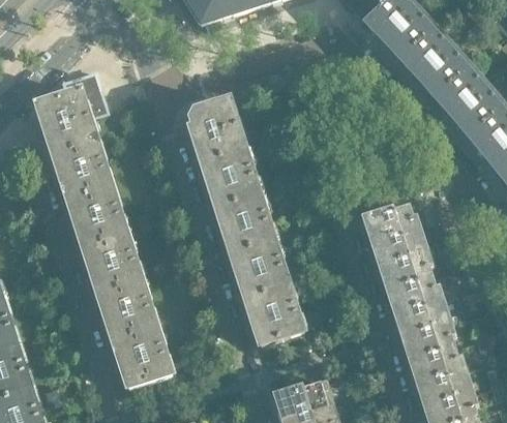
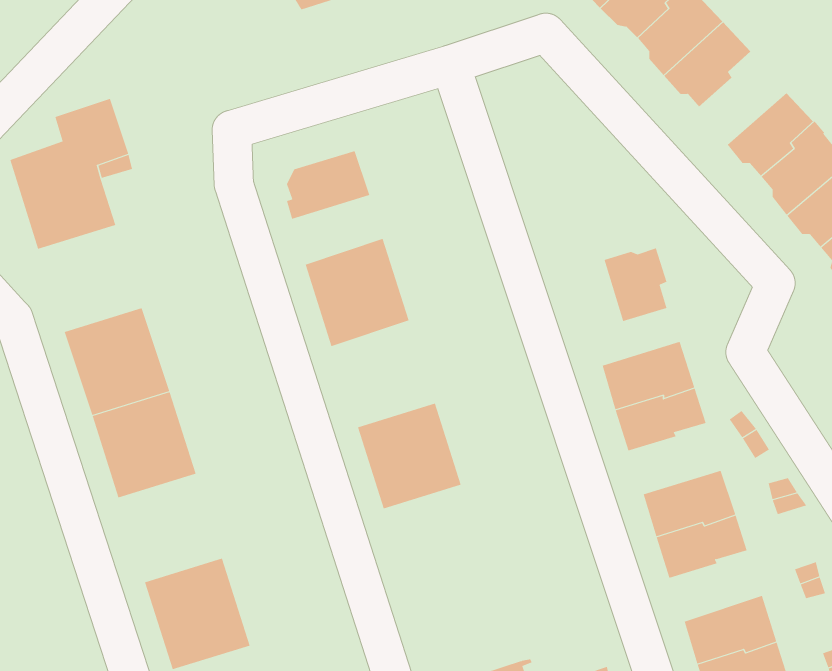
building: [420,46,469,98] -> none
building: [195,126,245,164] -> none
building: [54,143,112,202] -> none
building: none -> [604,248,667,322]
building: [216,195,274,254] -> none
building: [381,252,433,292] -> none
building: [98,280,156,340] -> none
building: [245,286,304,346] -> none
building: [404,323,455,362] -> none

